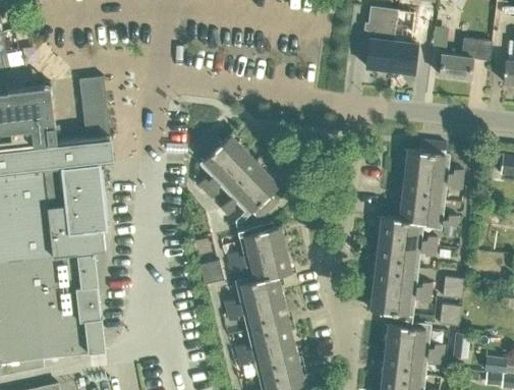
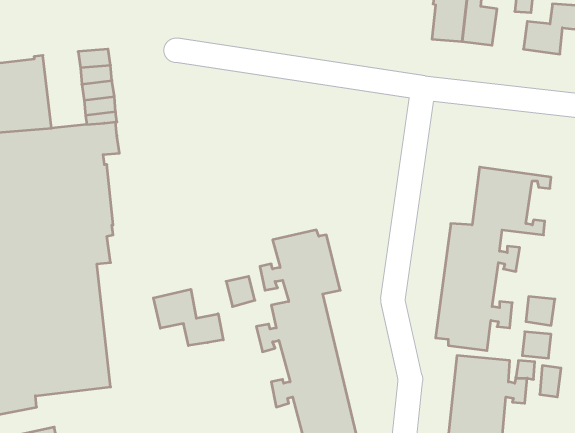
building: [194,133,278,219] -> none
building: [404,140,463,180] -> none
building: none -> [153,289,223,346]

